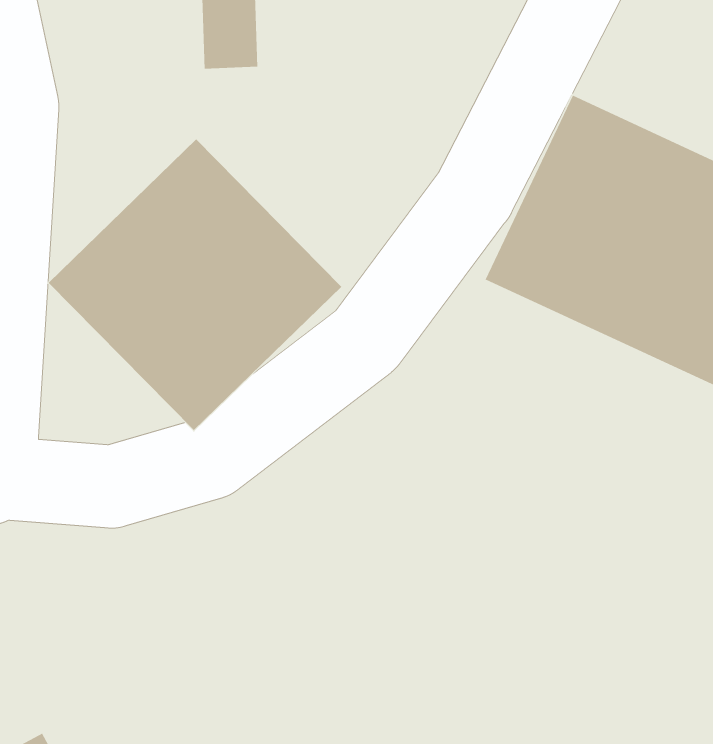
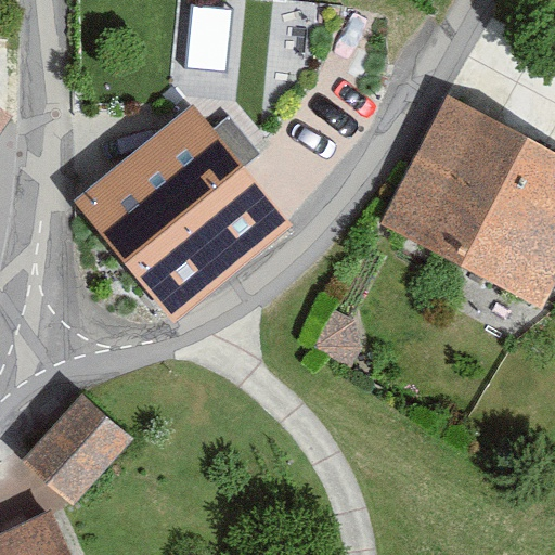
building: none -> [29,398,127,496]

